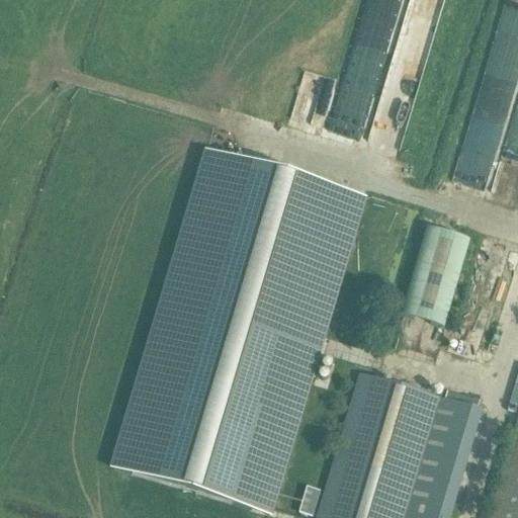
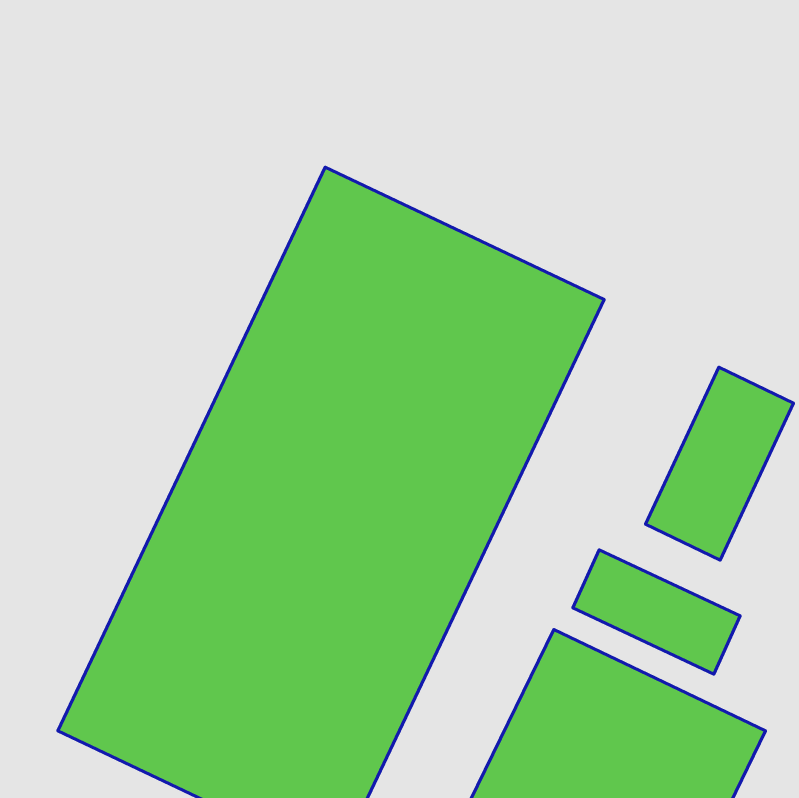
building: none -> [573,550,740,674]

